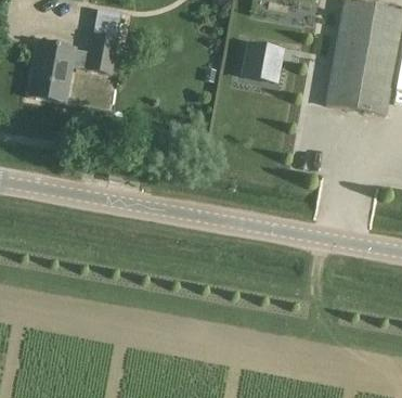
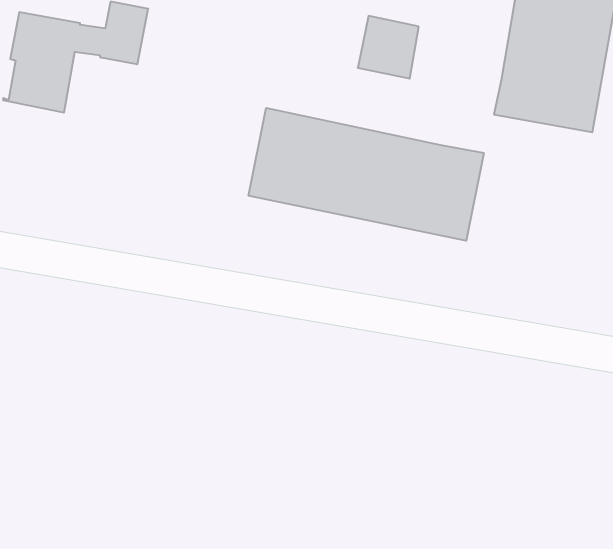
building: none -> [249,108,484,241]

